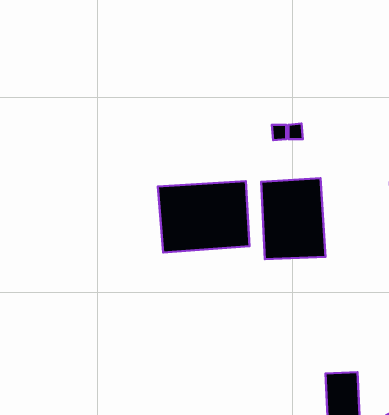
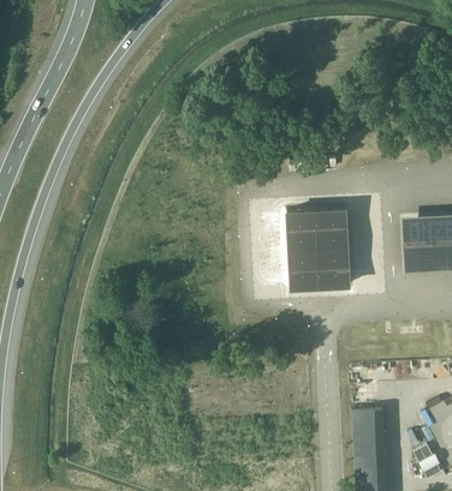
building: [158,181,250,252] -> none

